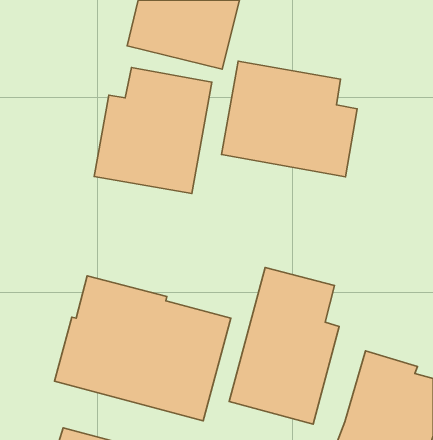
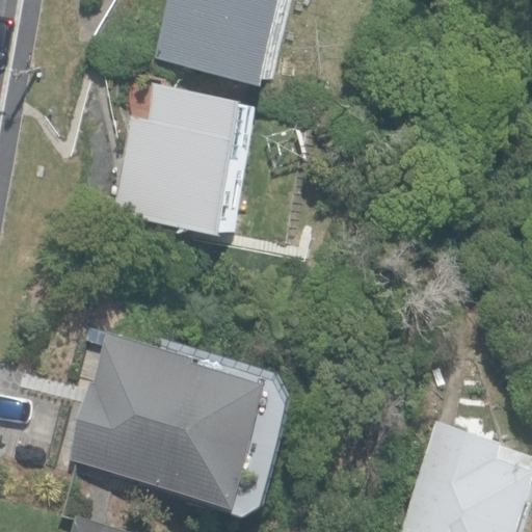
building: [222,61,357,177] -> none
building: [229,267,339,424] -> none

